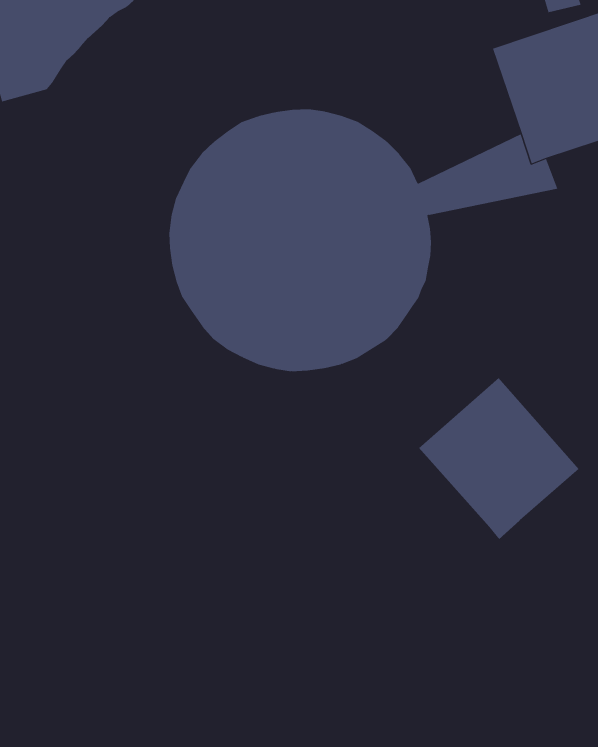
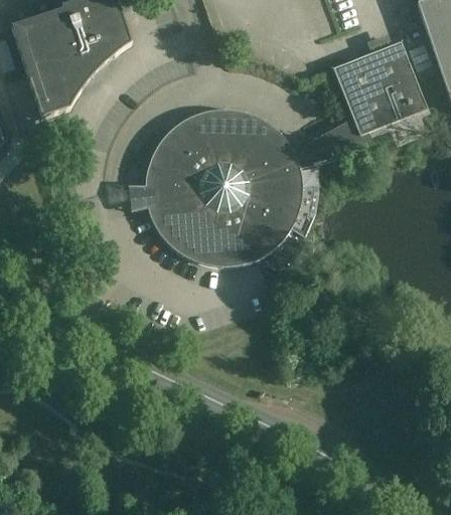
building: [418,377,579,540] -> none

